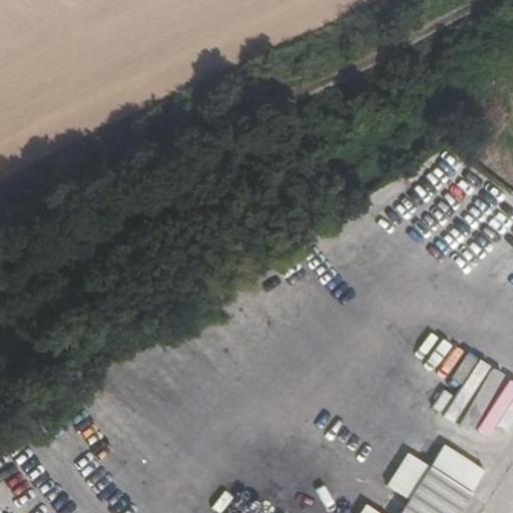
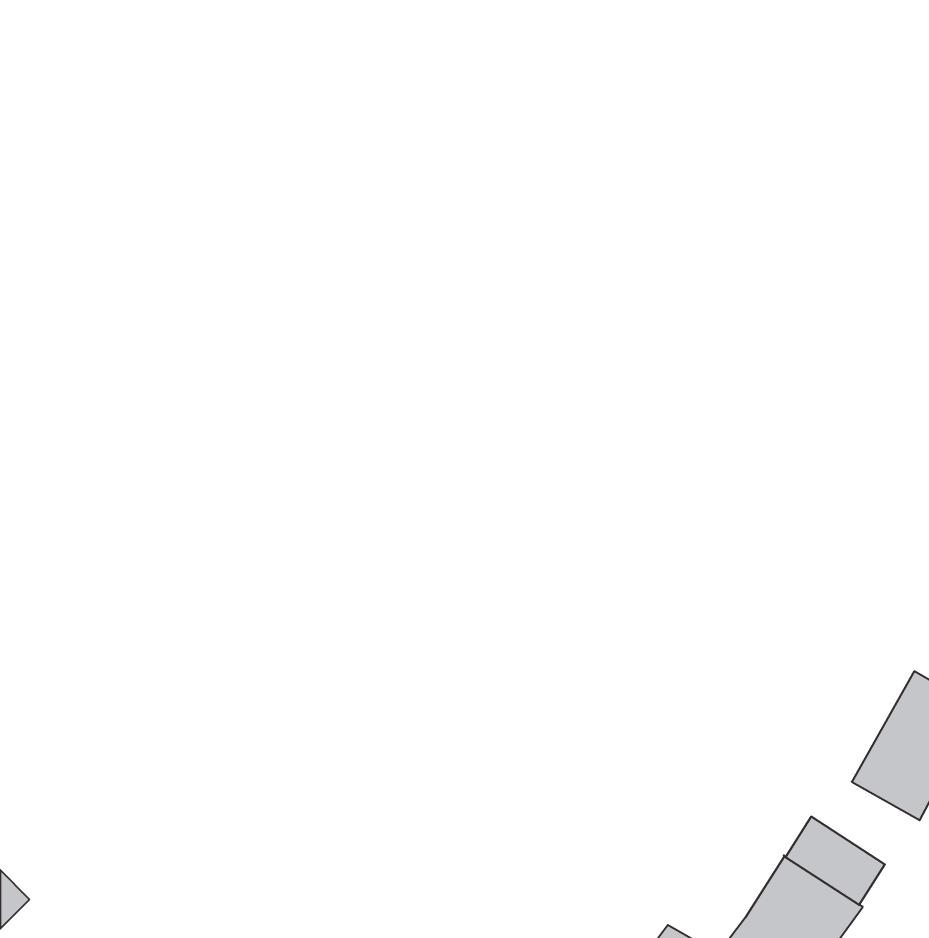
building: [390,454,433,501] -> none

